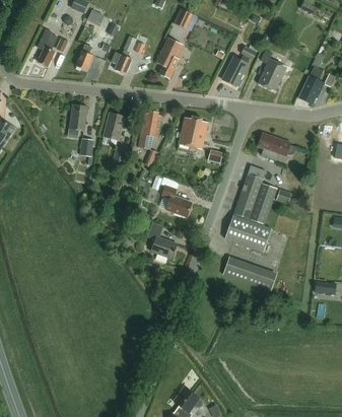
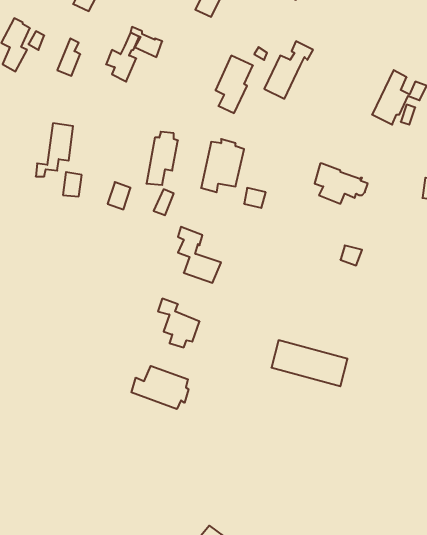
building: [156,38,183,78] -> [215,56,253,113]
building: [257,50,286,91] -> none
building: [101,113,124,146] -> none
building: [224,165,277,253] -> none
building: none -> [131,366,188,409]

